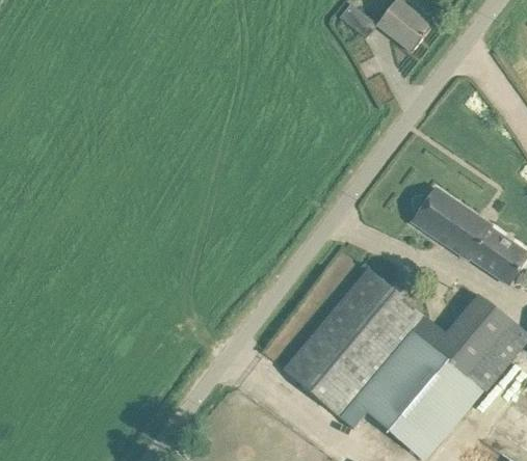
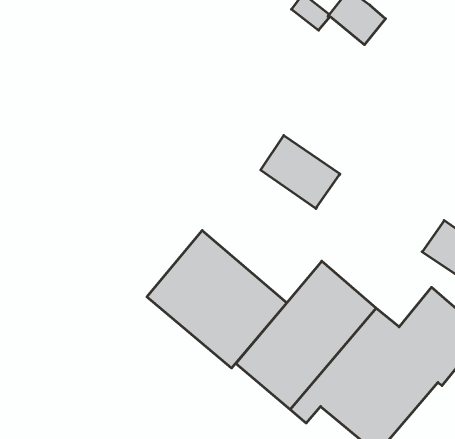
building: [412,187,491,260] -> [261,135,340,209]
building: none -> [147,230,287,368]

